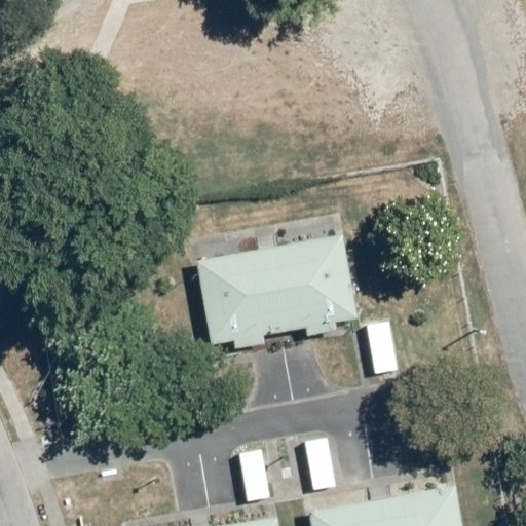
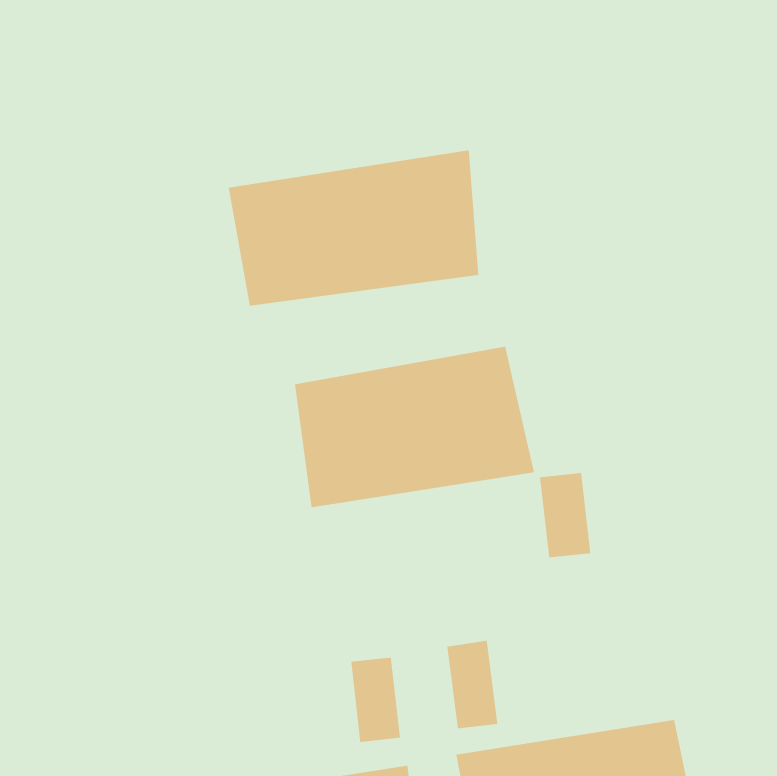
building: none -> [228,149,479,306]

